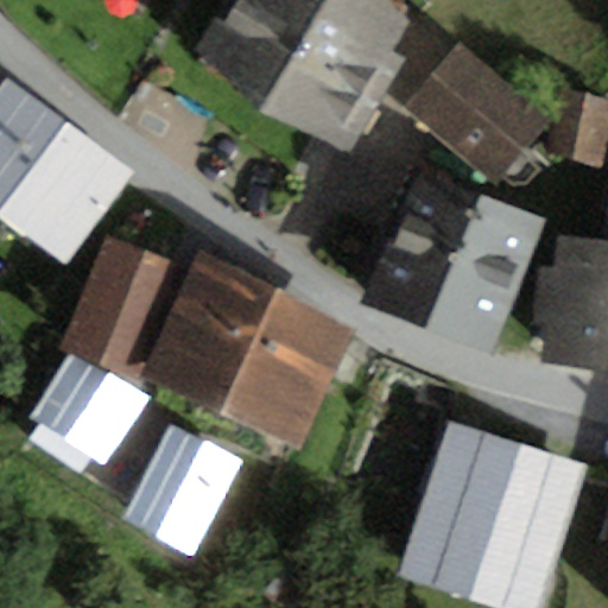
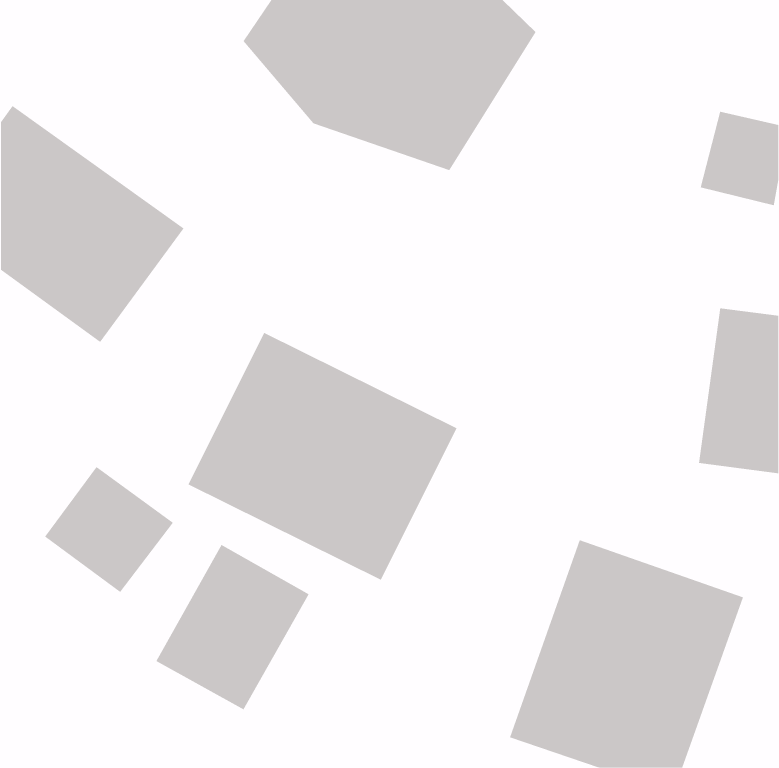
building: [400,44,550,172] -> none
building: [366,175,544,348] -> none
building: [63,238,180,378] -> none

